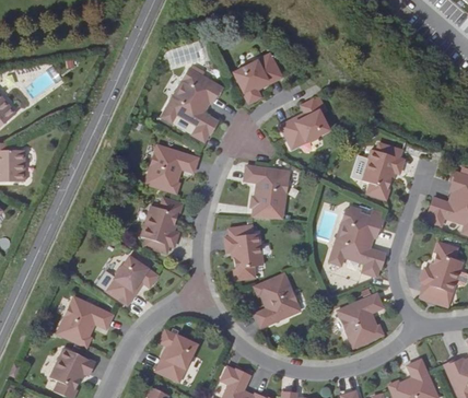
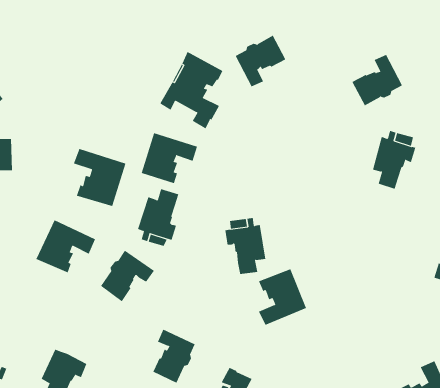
building: [284,99,332,149] -> [352,54,403,106]
building: none -> [73,148,126,207]
building: [248,165,292,211] -> none
building: [329,207,385,276] -> none
building: [338,292,385,347] -> none
building: [57,295,114,346] -> [36,220,96,273]

